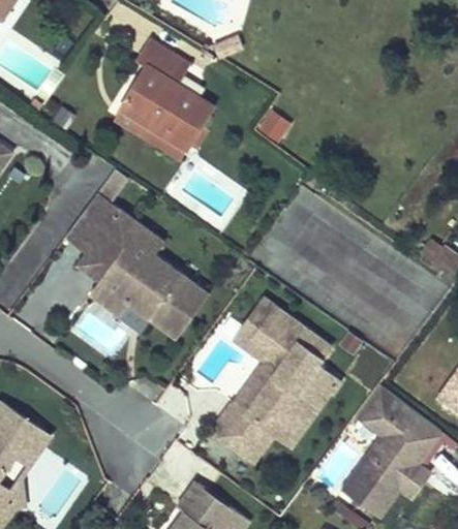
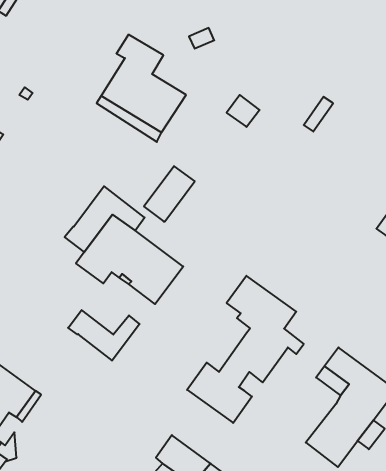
building: [64,191,120,252] -> [144,166,195,222]
building: [233,336,280,411] -> none
building: none -> [68,310,140,361]
building: [268,384,331,444] -> none

